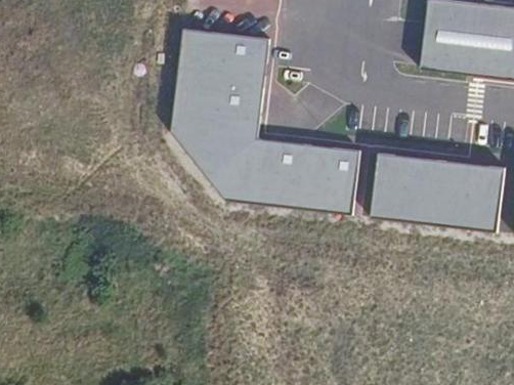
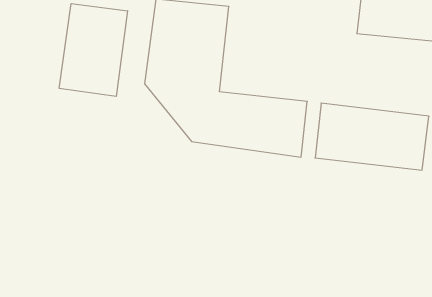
building: none -> [59,4,128,96]

